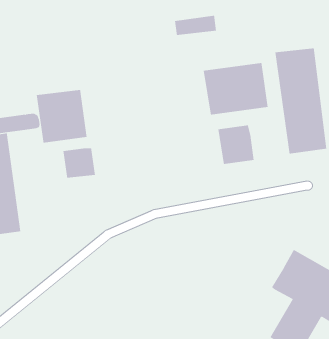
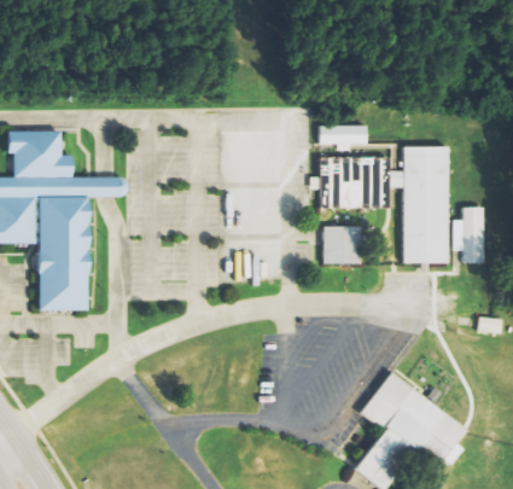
building: [174,15,217,35] -> [322,126,369,144]
building: [36,89,87,144] -> none
building: [63,148,95,179] -> none

